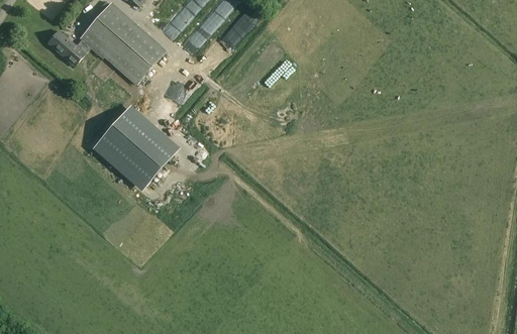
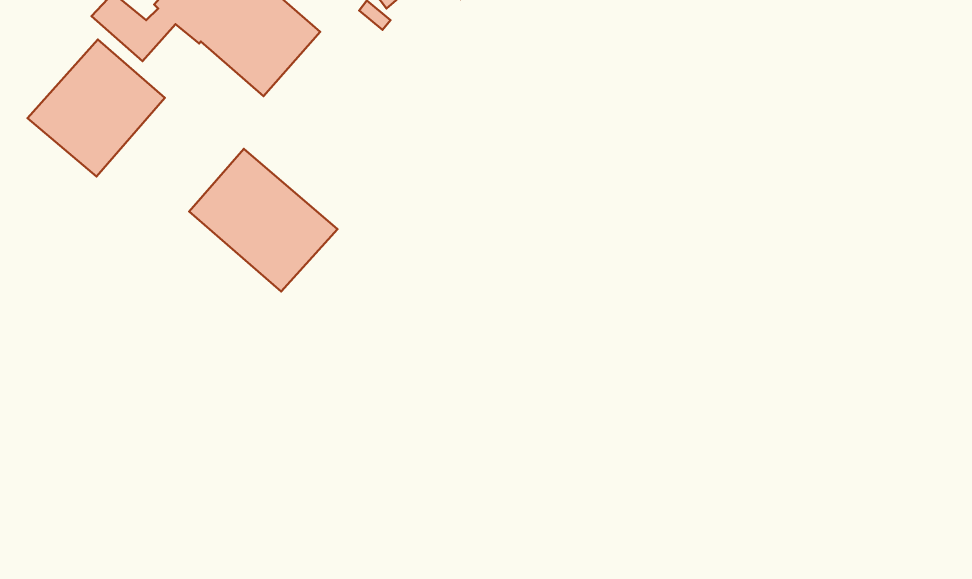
building: none -> [27,39,165,176]

